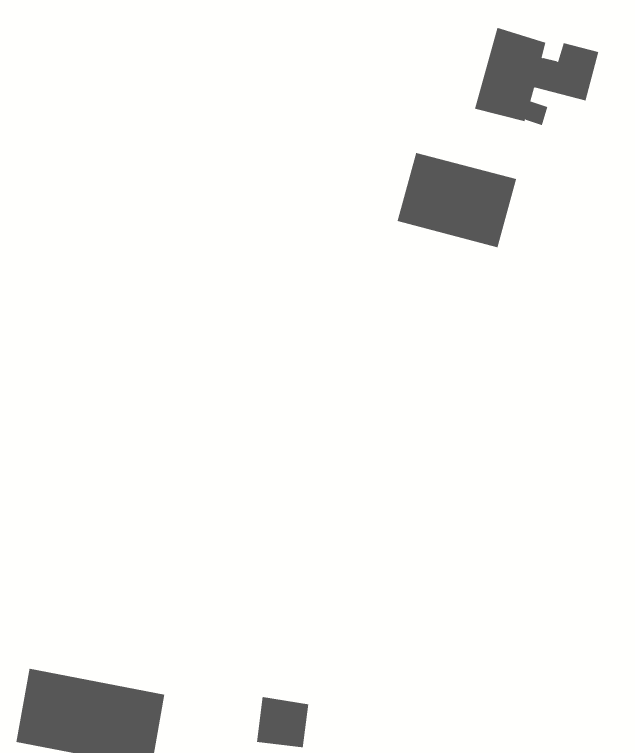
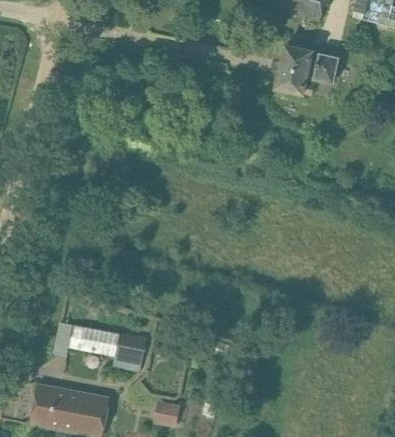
building: [397,152,517,248] -> none
building: none -> [66,324,144,371]

